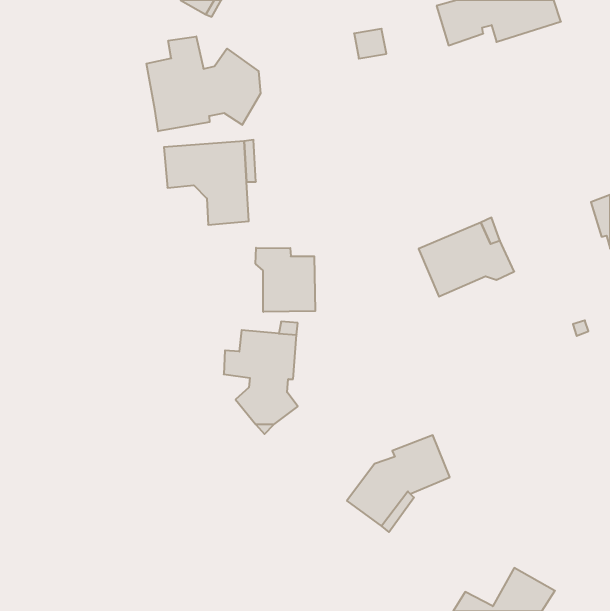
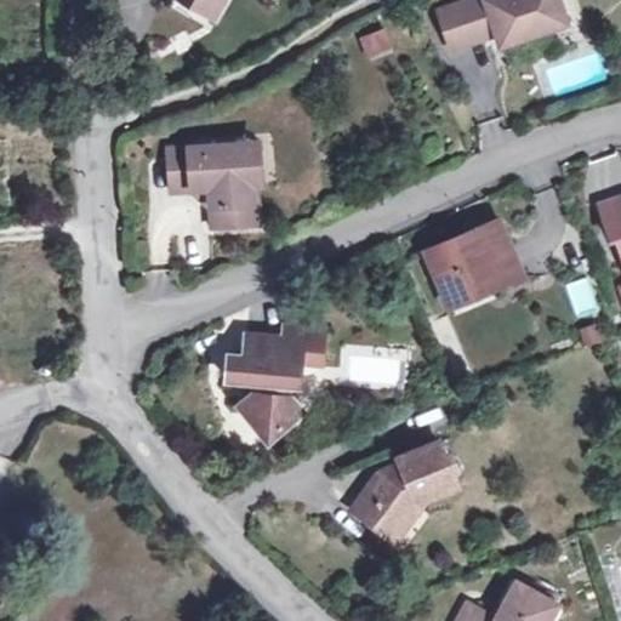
building: [146,36,261,131] -> none
building: [256,248,315,312] -> none

